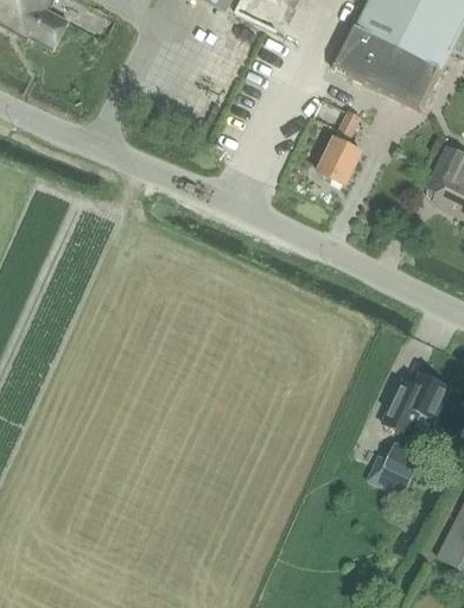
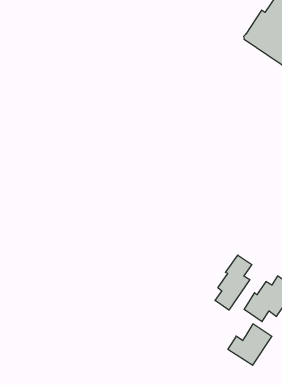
building: [317,108,361,184] -> none
building: none -> [215,255,252,310]

